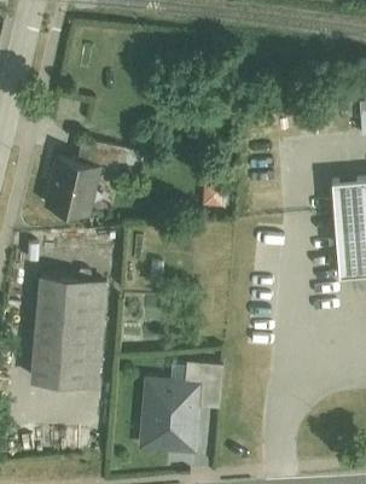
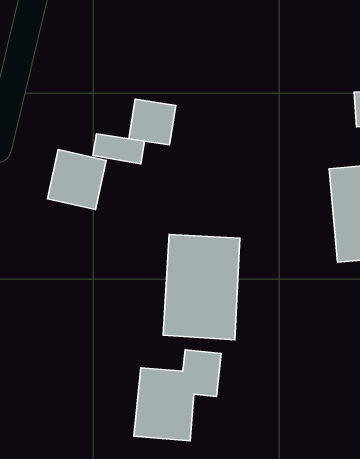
building: none -> [129,99,176,145]
building: [33,280,110,386] -> [163,234,240,340]

